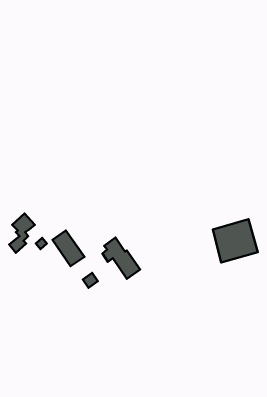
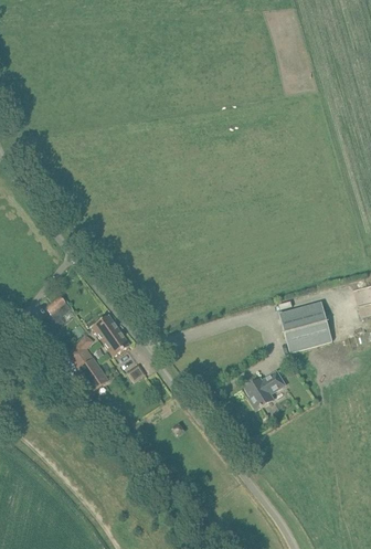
building: [102,237,140,279] -> [64,341,108,390]
building: none -> [246,370,286,409]

